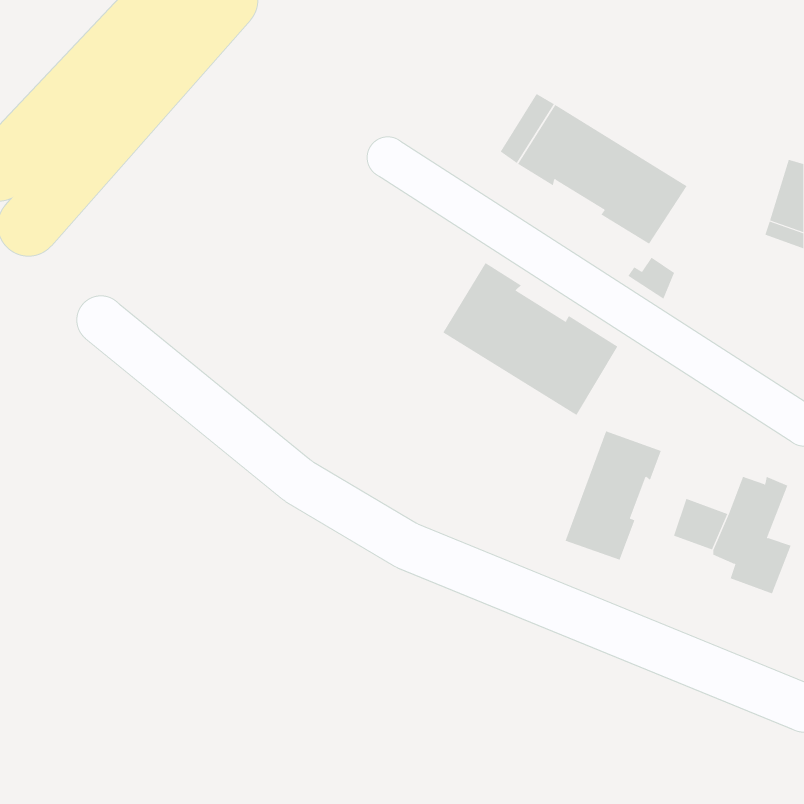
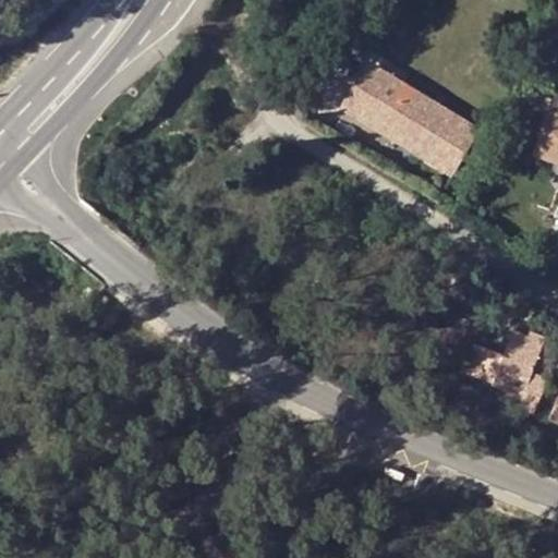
building: [443,262,618,416] -> none
building: [565,430,662,560] -> none

